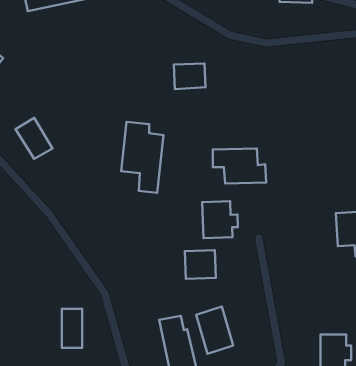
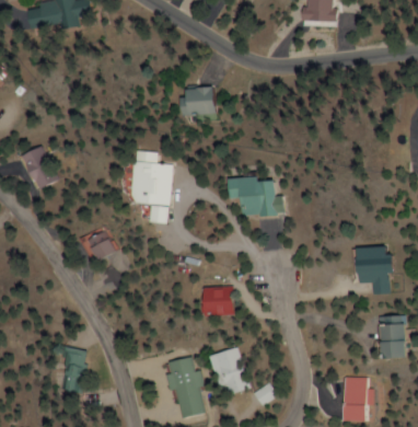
building: none -> [79,231,109,262]
building: [202,201,238,238] -> none

